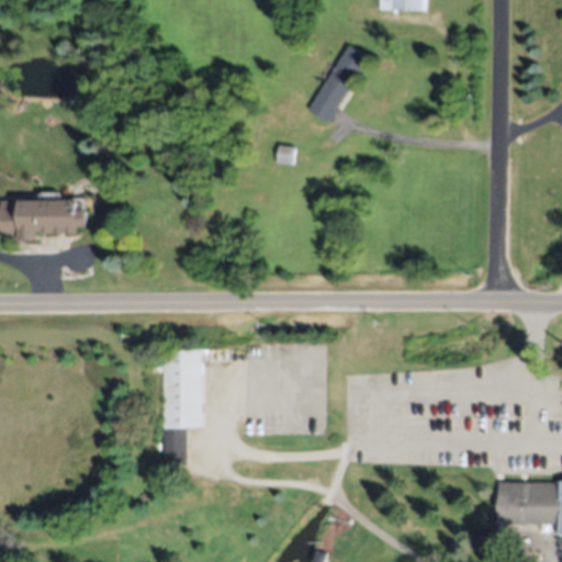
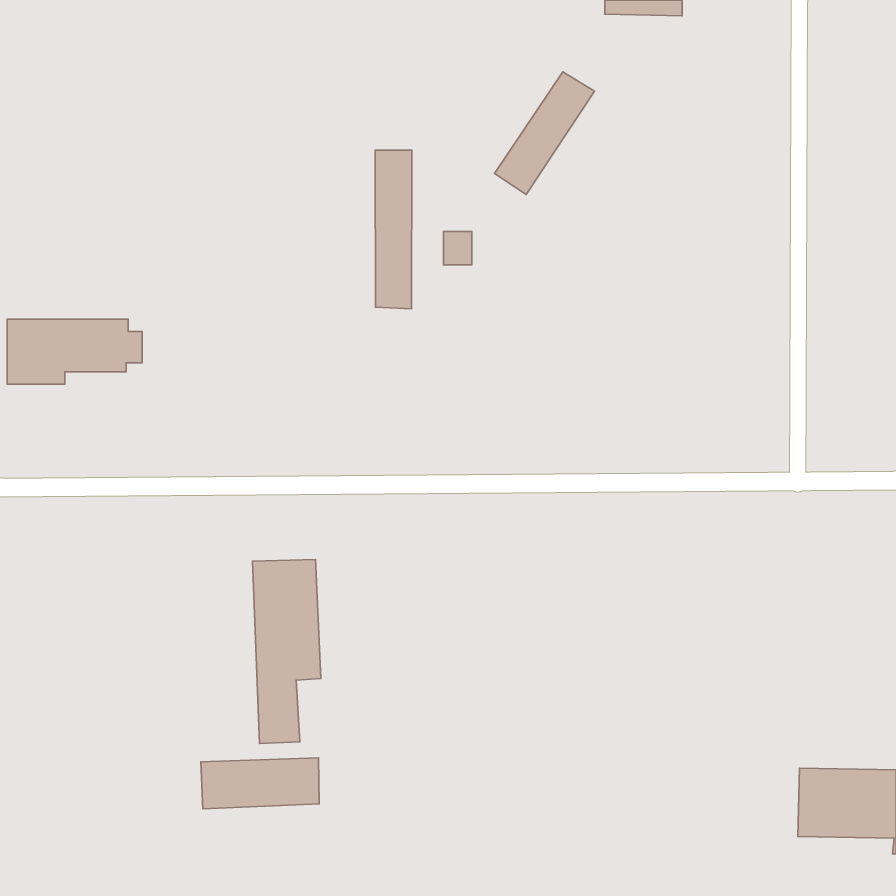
building: none -> [375,150,412,309]
building: none -> [201,758,319,809]

